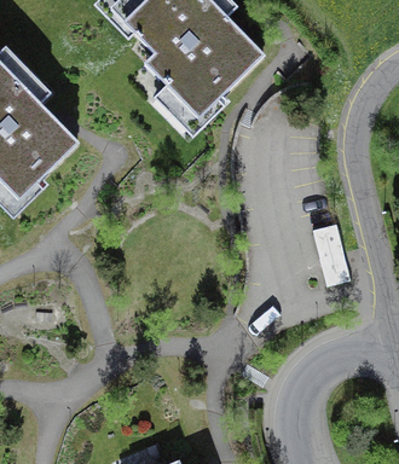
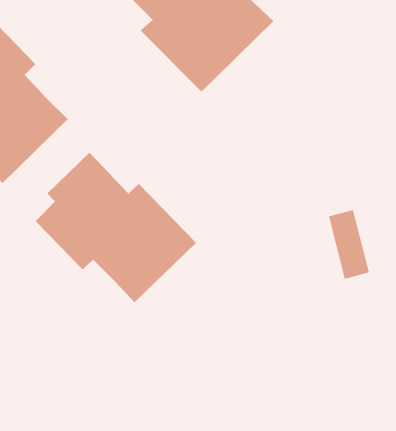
building: none -> [35,152,197,303]

